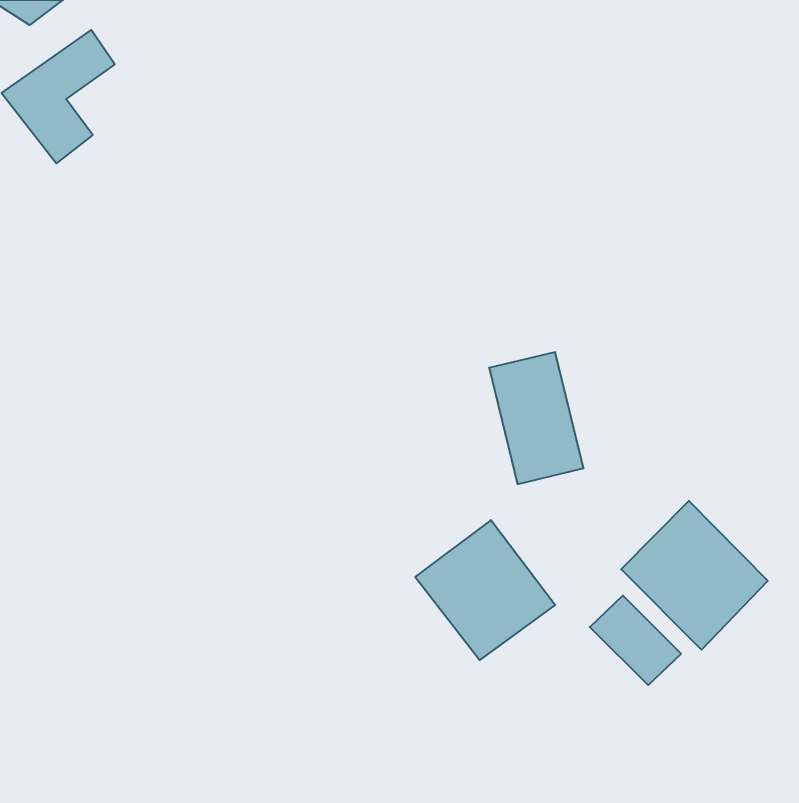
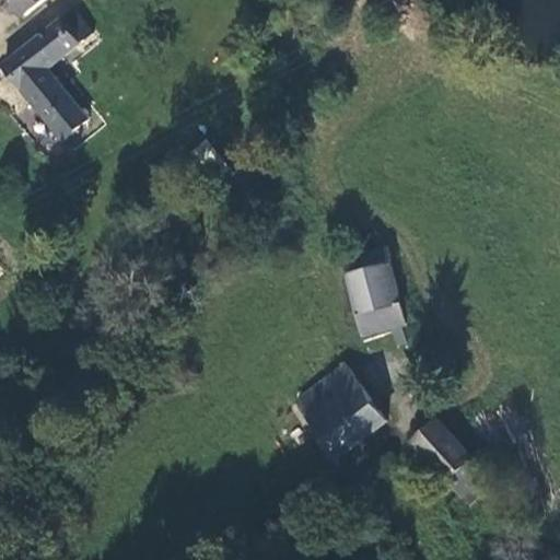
building: none -> [39,94,86,141]
building: [621,501,768,650] -> none

